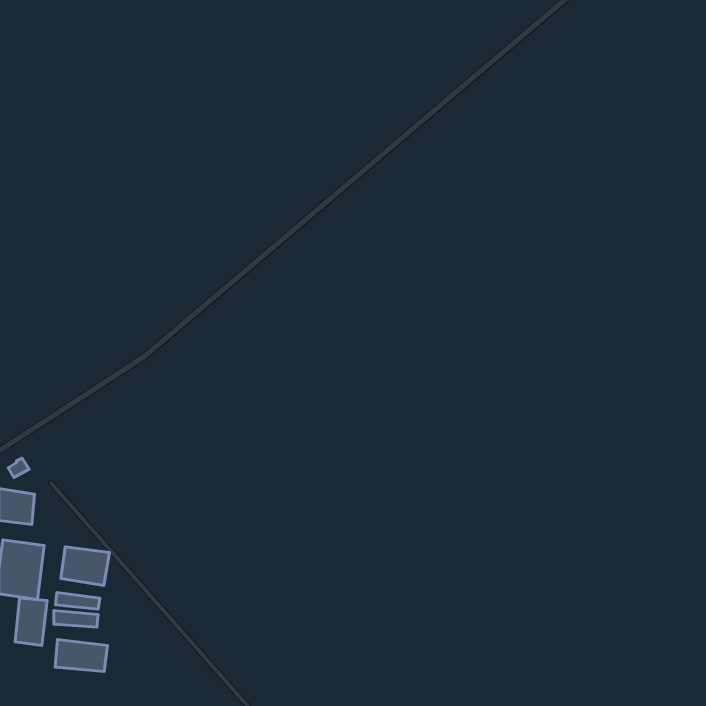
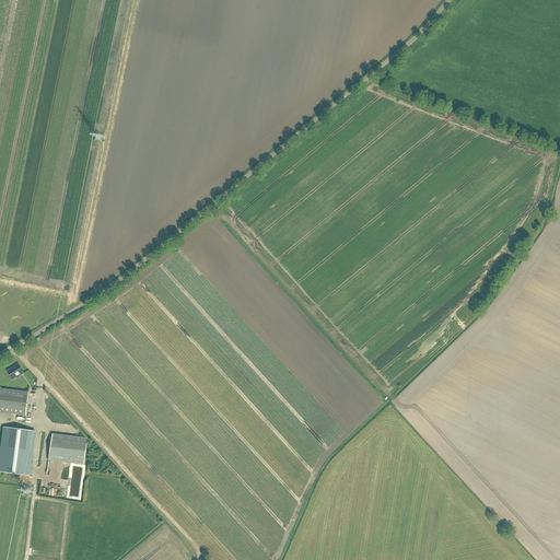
building: [15,598,47,645] -> none
building: [55,639,108,672] -> none

